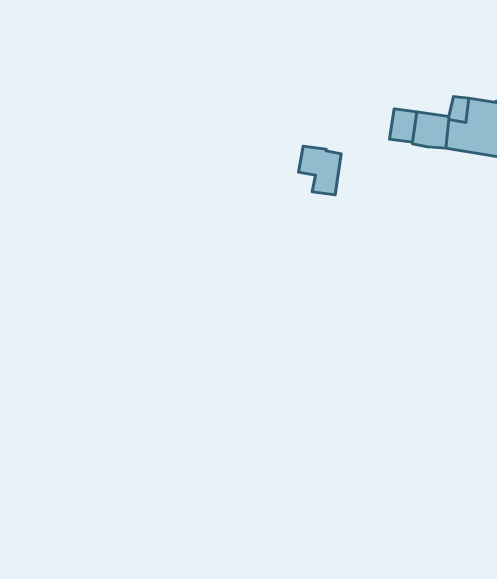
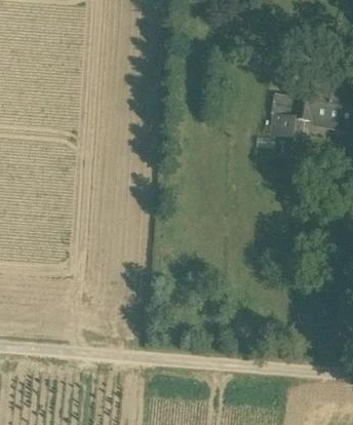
building: [299,146,341,195] -> [266,116,295,149]

